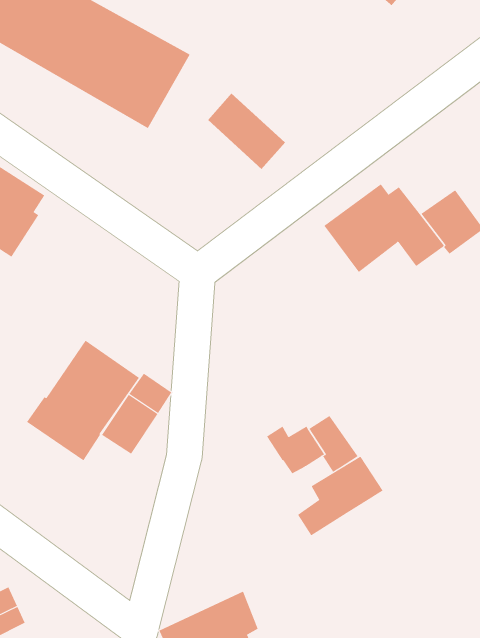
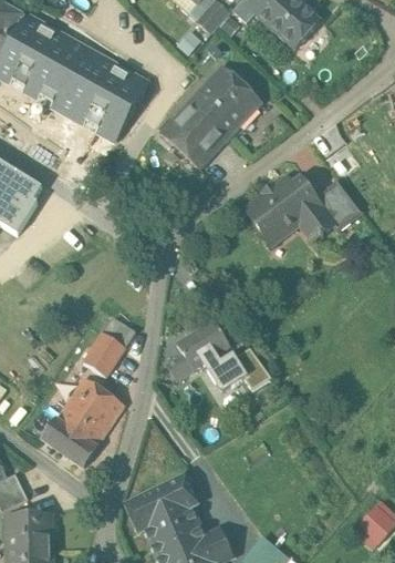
building: none -> [178,63,262,147]
building: [26,340,140,461] -> [42,377,125,465]
building: [297,456,384,536] -> [167,320,230,379]

